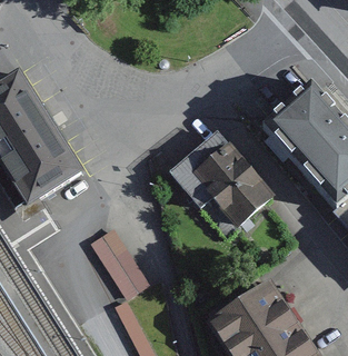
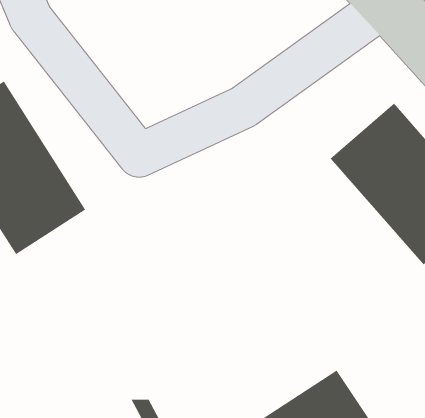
building: [172,137,274,240] -> none
building: [91,228,151,297] -> none

